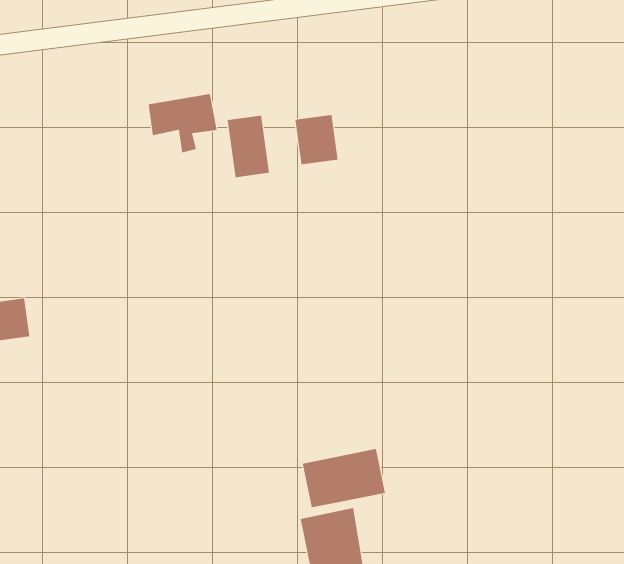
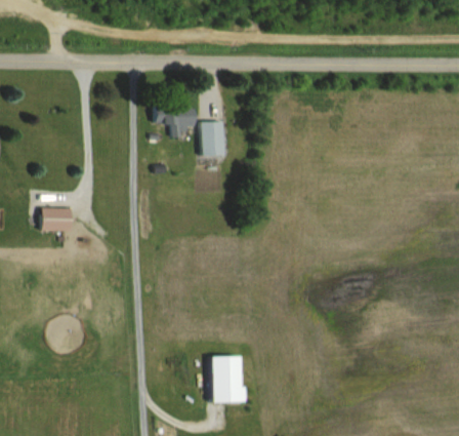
building: [295,114,338,165] -> none
building: [302,448,385,508] -> none

